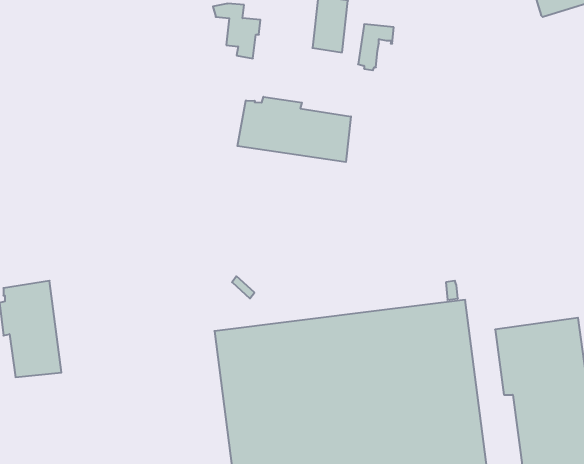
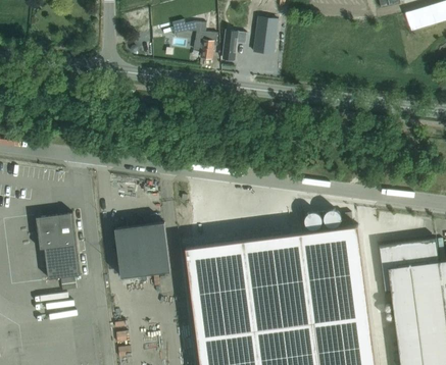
building: [358,24,394,70] -> [222,32,247,63]
building: [237,97,351,162] -> none
building: none -> [115,223,170,278]

